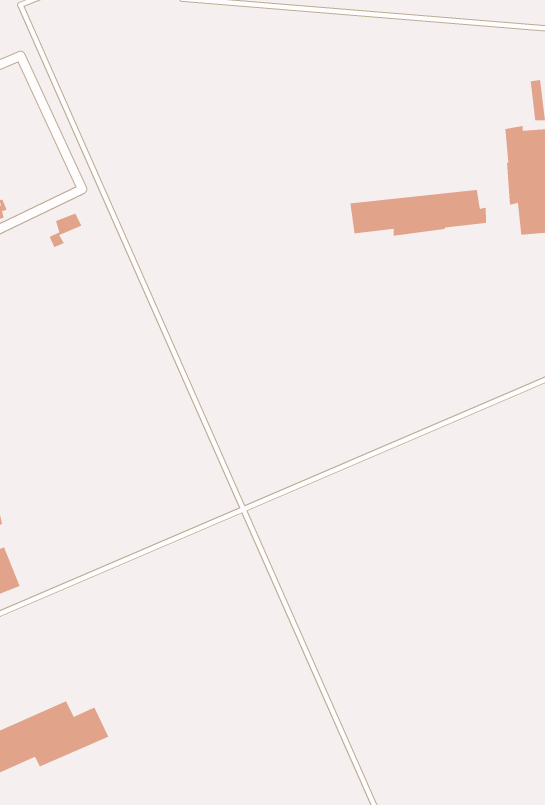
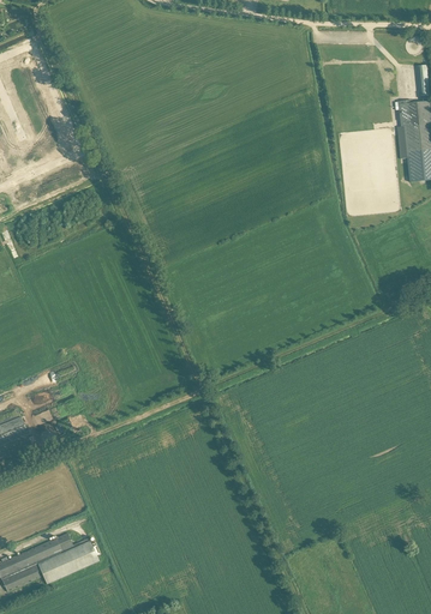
building: [350,189,486,237] -> none

